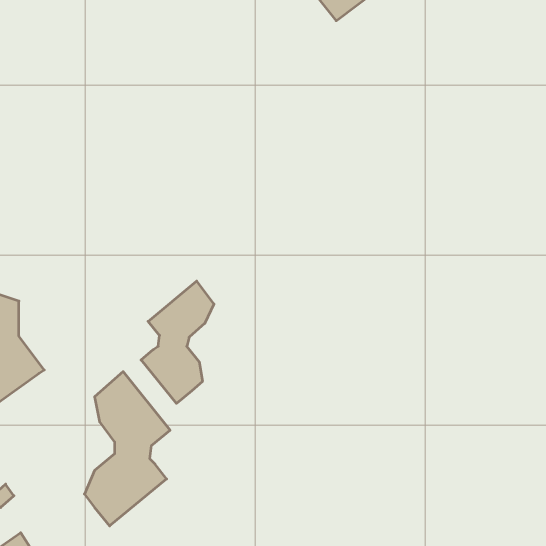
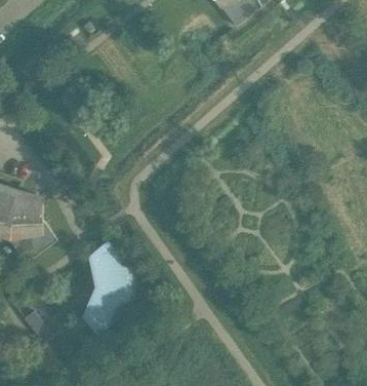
building: [141,281,214,403] -> none

